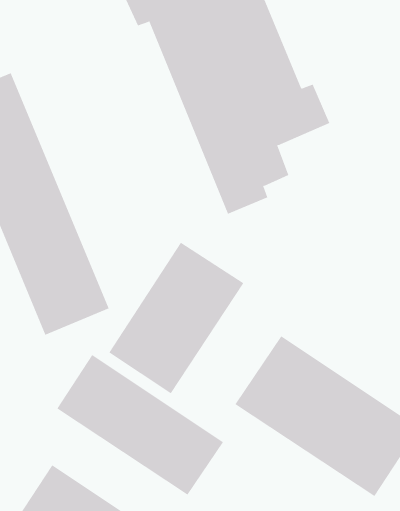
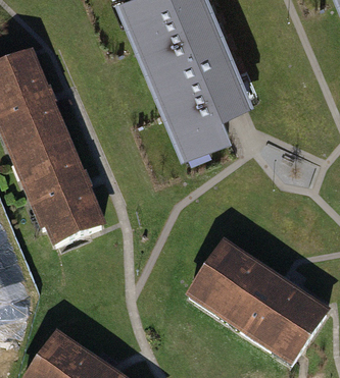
building: [109,242,244,394] -> none
building: [56,354,224,496] -> none

